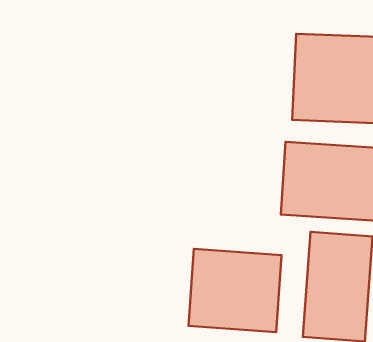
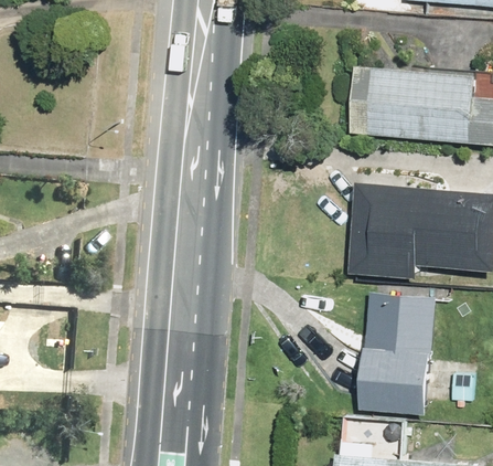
building: [188,249,282,332] -> none

